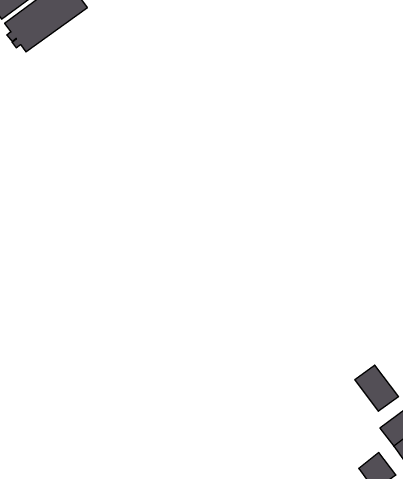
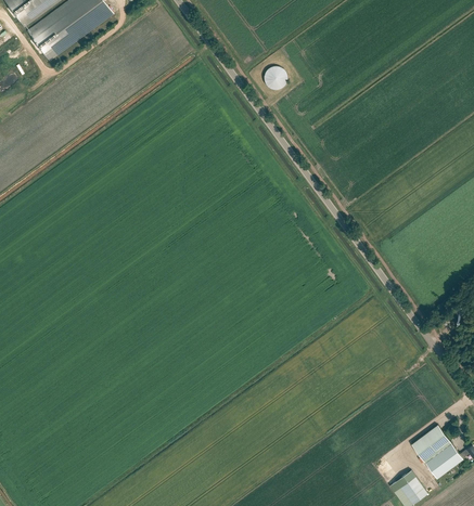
building: none -> [262,65,287,90]
building: [355,365,398,411] -> none

